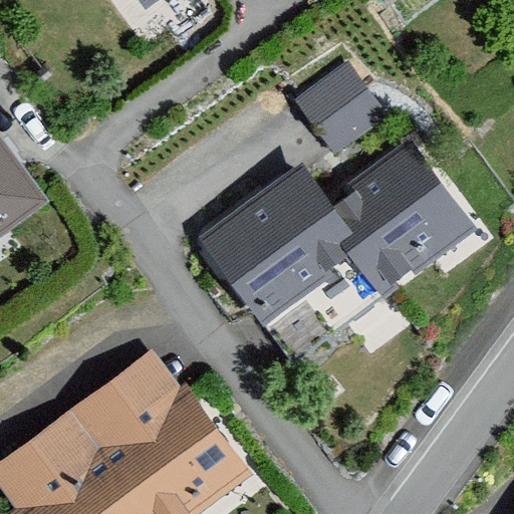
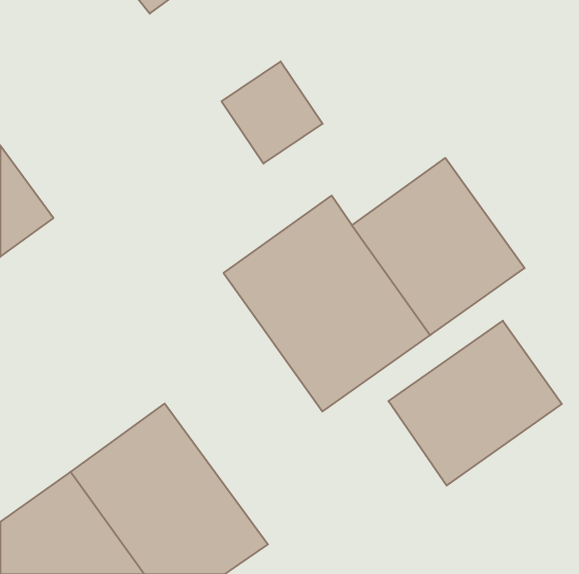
building: [300,52,390,143] -> [222,61,323,164]
building: none -> [388,321,562,486]

